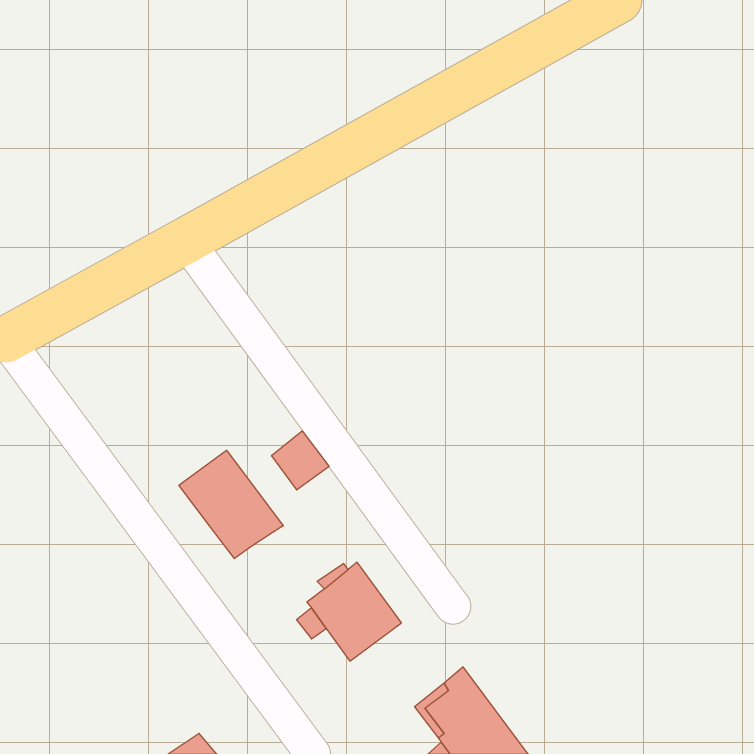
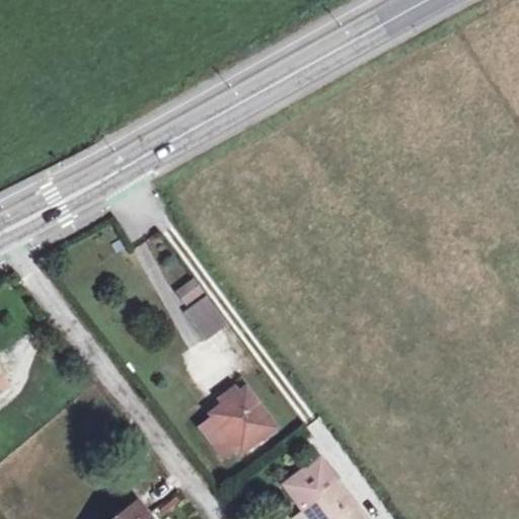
building: [179,450,283,559] -> none

